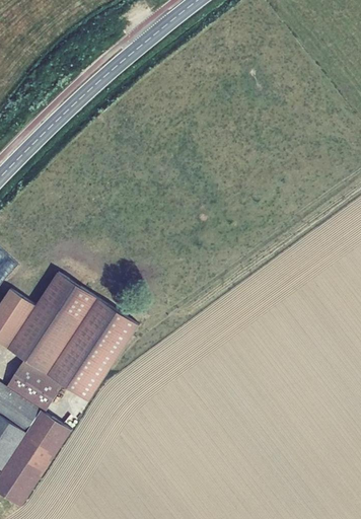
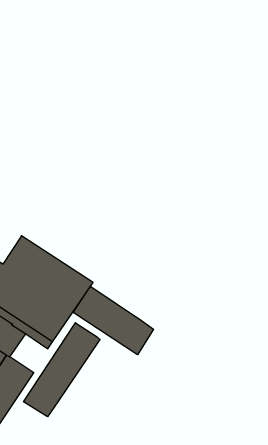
building: none -> [73,286,154,355]
building: none -> [24,323,100,417]

